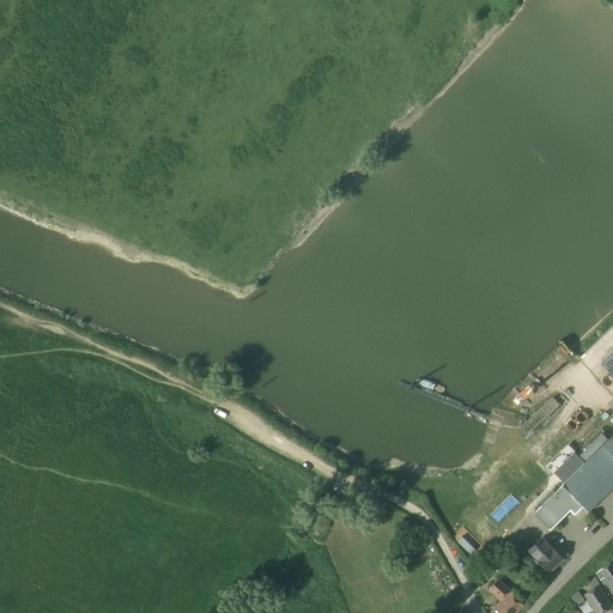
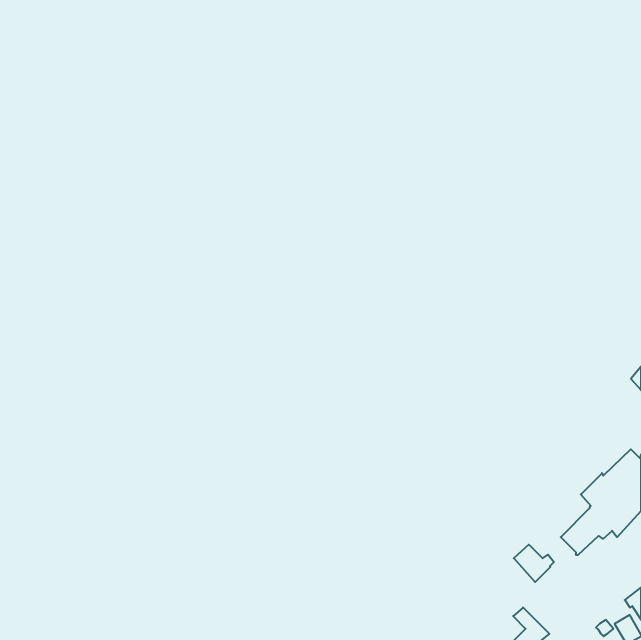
building: [529,538,568,573] -> [514,545,554,582]

